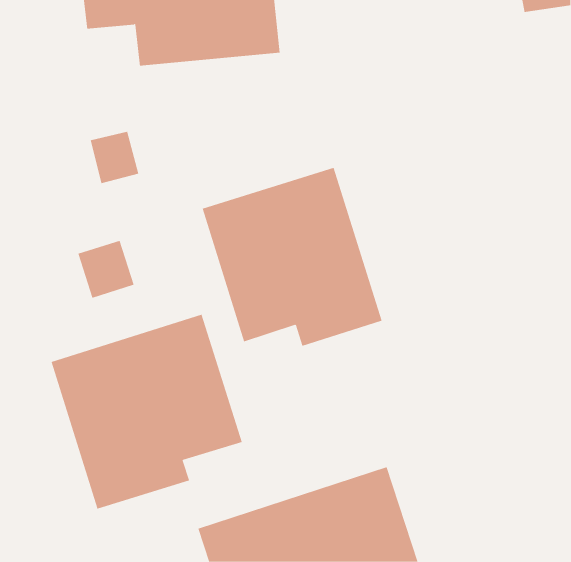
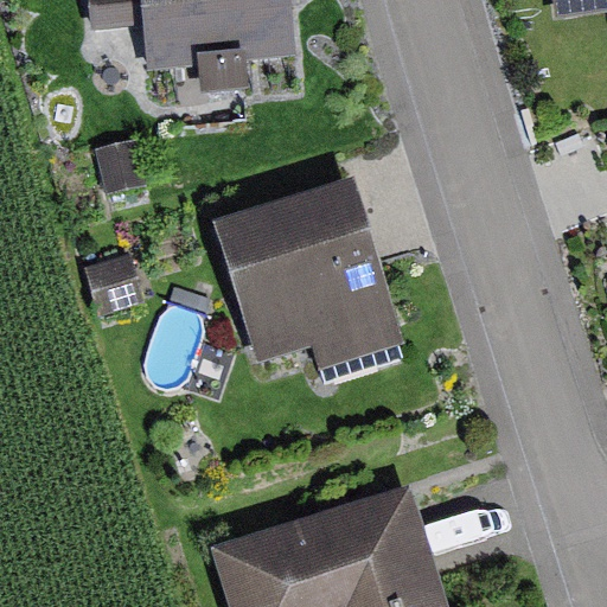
building: [51,314,243,510] -> none

